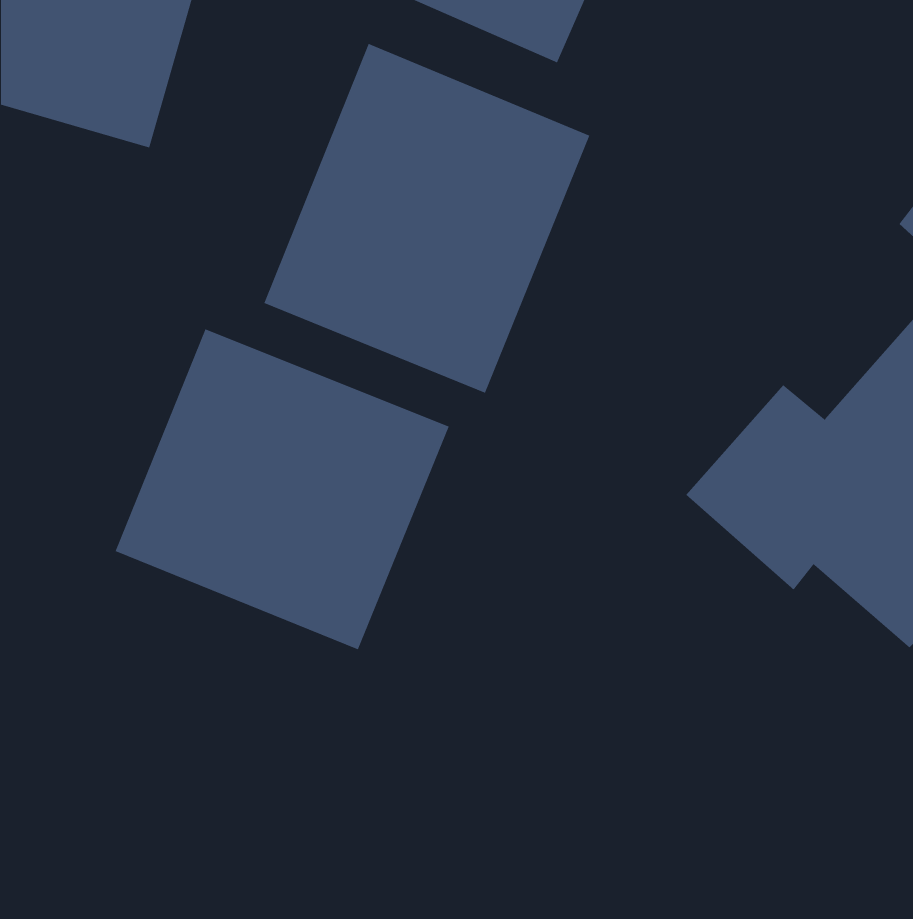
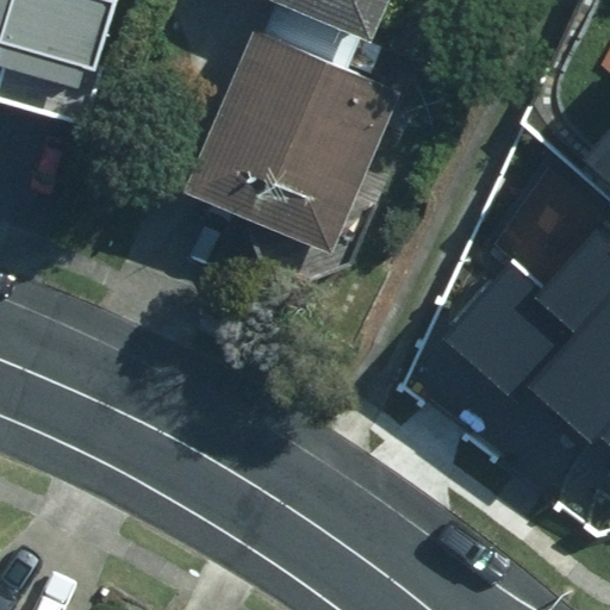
building: [115,329,450,650] -> none

